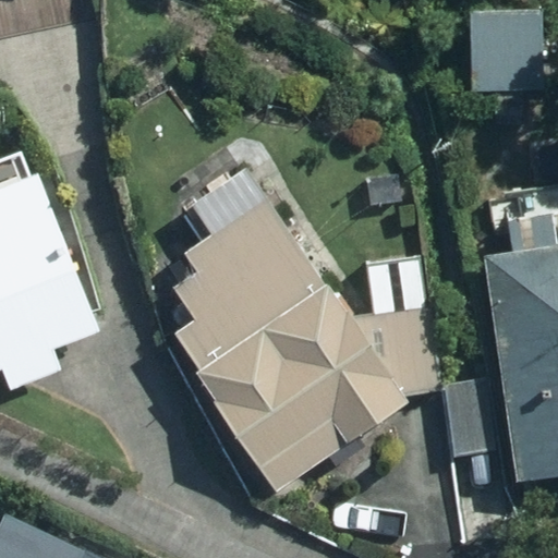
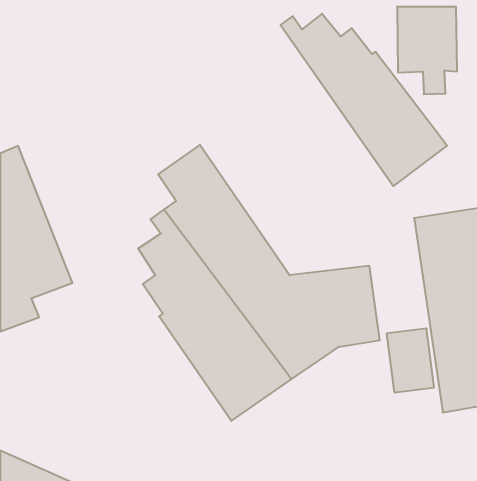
building: none -> [281,14,447,186]

